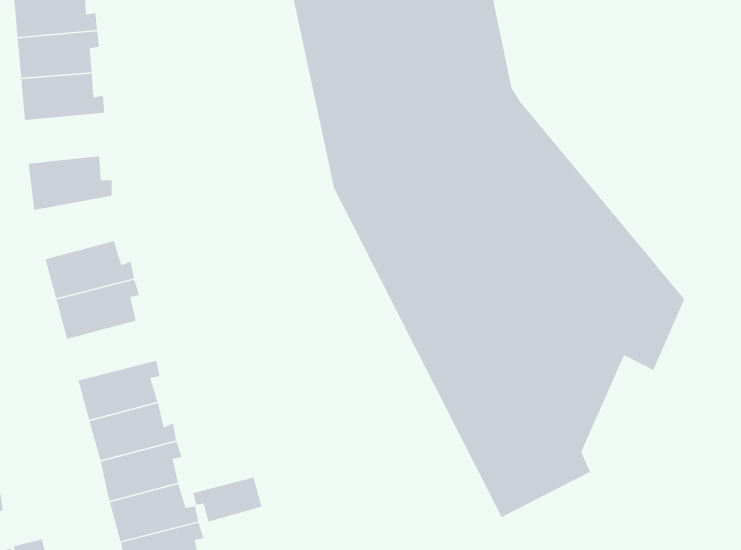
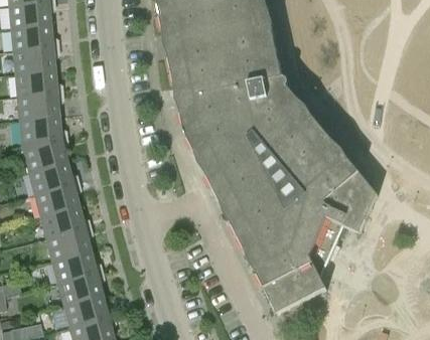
building: none -> [15,92,60,119]
building: none -> [20,137,66,171]
building: none -> [38,205,88,237]
building: [192,476,262,522] -> none

